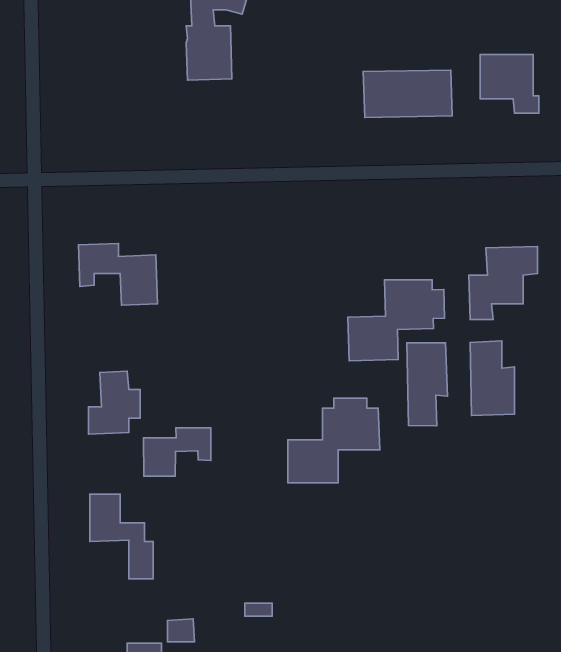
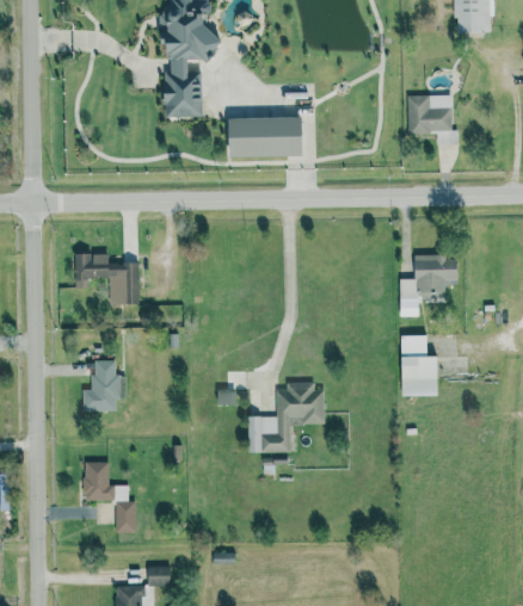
building: [363,70,452,117] -> [227,117,301,156]
building: [348,280,445,361] -> none
building: [407,343,447,426] -> none
building: [144,428,211,476] -> none

